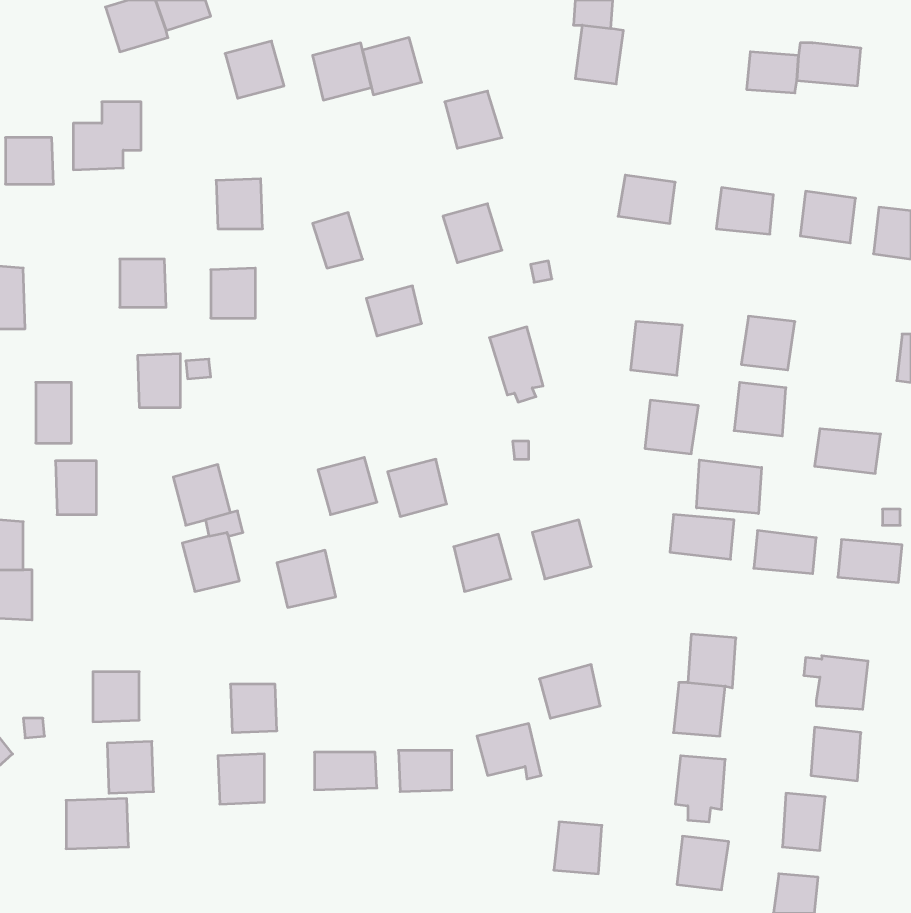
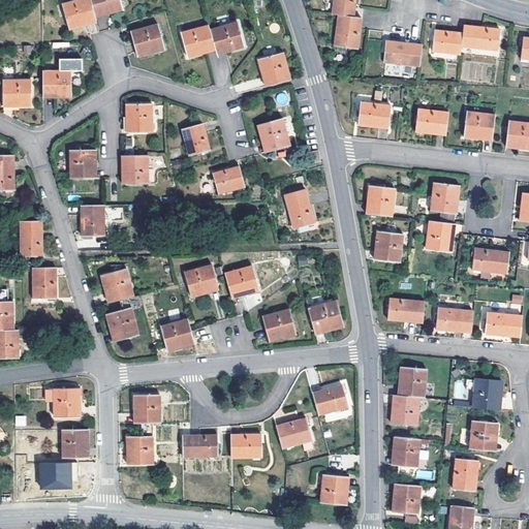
building: none -> [382,40,422,66]
building: [697,460,762,514] -> none

